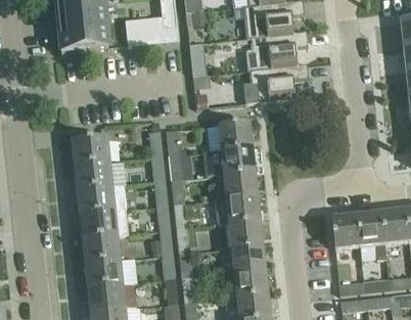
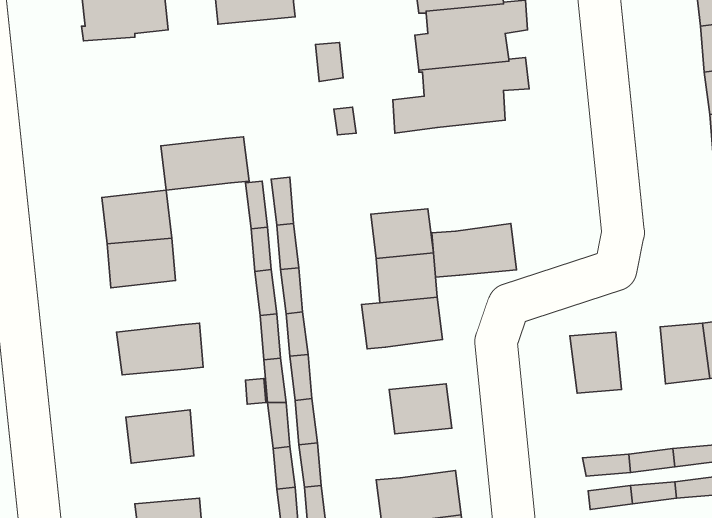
building: [205,120,253,149] -> [432,224,516,277]
building: [77,184,126,214] -> [161,137,249,190]
building: [357,211,386,259] -> none
building: [229,218,263,245] -> none
building: [83,234,121,261] -> none
building: [234,267,268,294] -> none
building: [88,281,136,309] -> none

